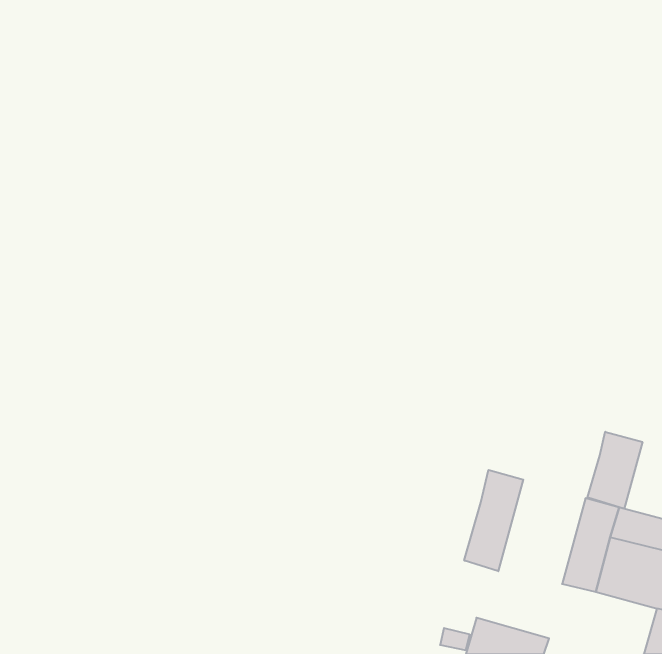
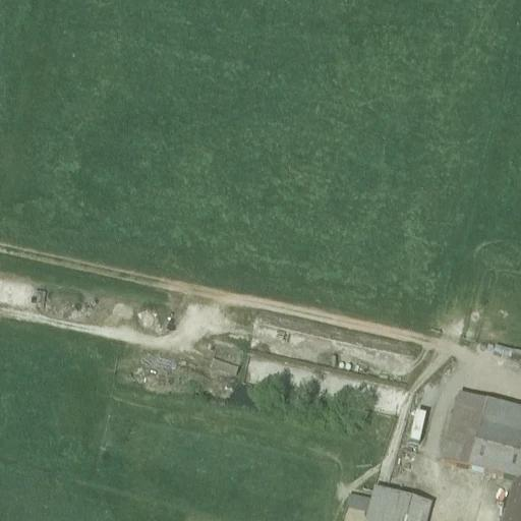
building: [588,432,642,509] -> none
building: [464,470,523,571] -> none

